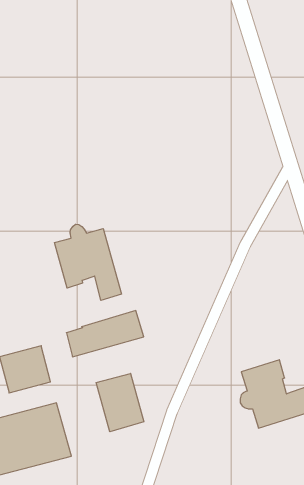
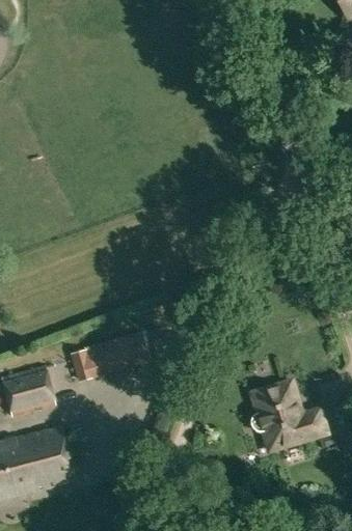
building: [54,224,122,300] -> none
building: [96,373,144,432] -> none

